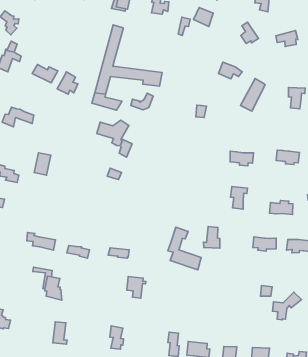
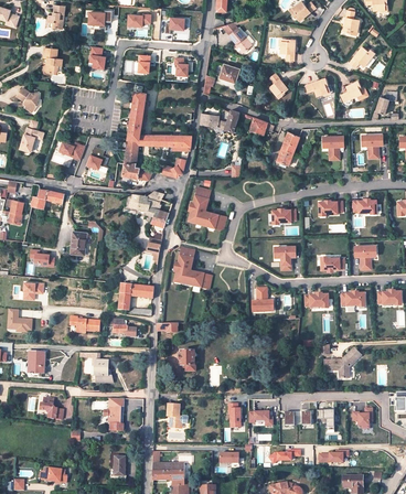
building: none -> [200,110,239,133]
building: none -> [190,187,225,229]
building: none -> [118,283,153,311]
building: [168,227,201,270] -> [175,247,211,289]

